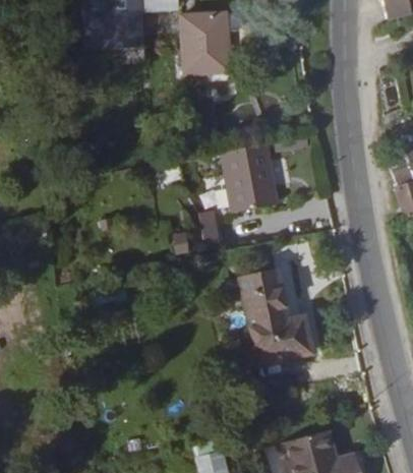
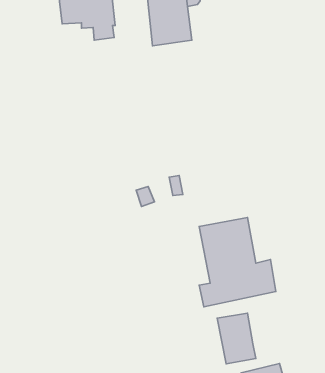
building: [225,141,280,211] -> none
building: none -> [217,313,256,364]

